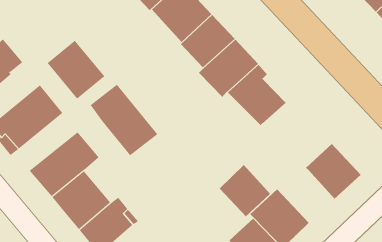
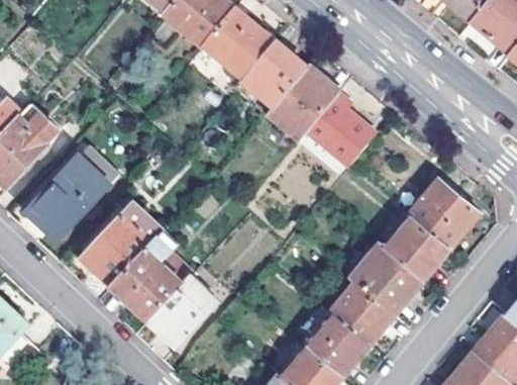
building: [47,40,105,100] -> none
building: [90,84,158,156] -> none
building: [219,164,271,217] -> [386,215,448,278]

